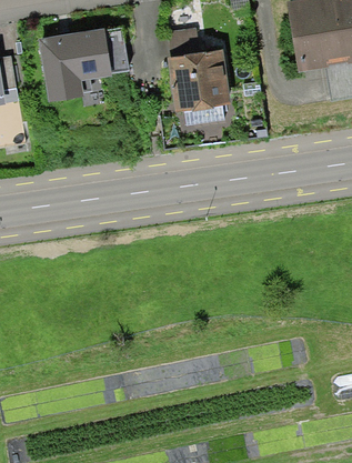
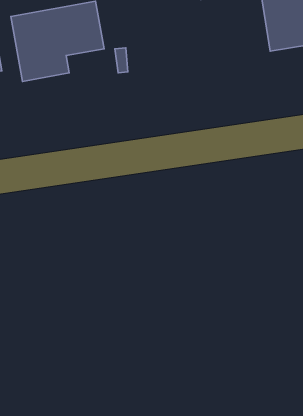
building: [167,29,234,123] -> none

